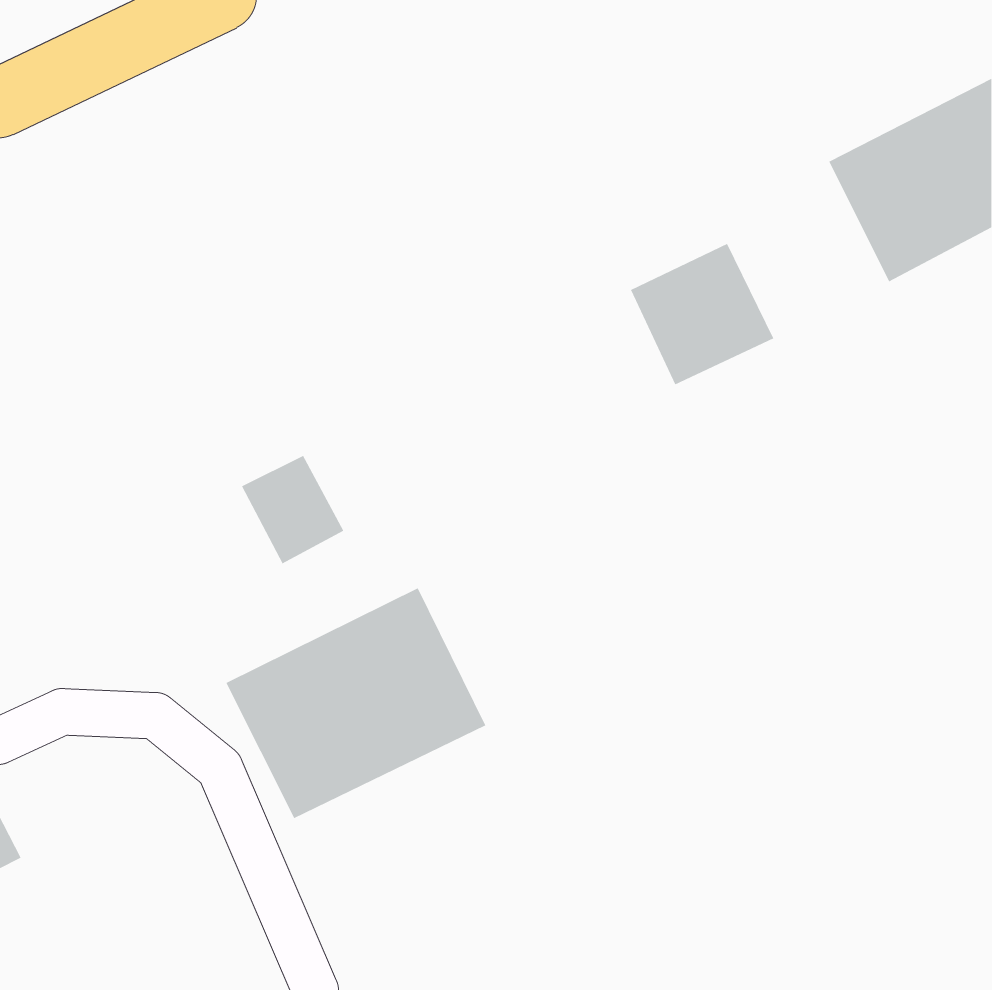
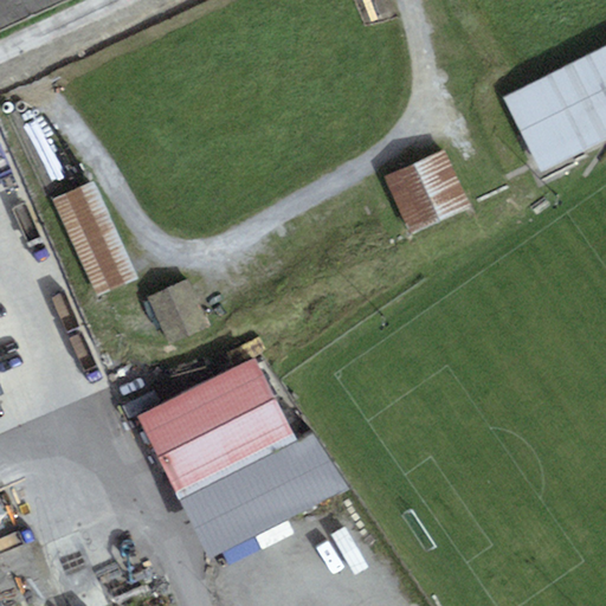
building: none -> [51,180,137,296]
building: none -> [179,433,349,557]

